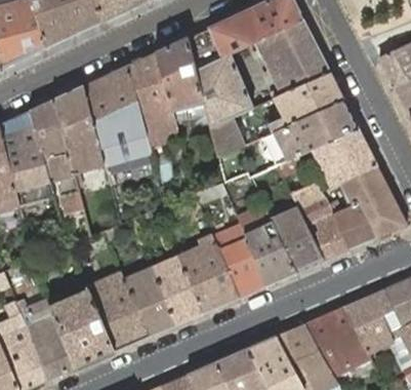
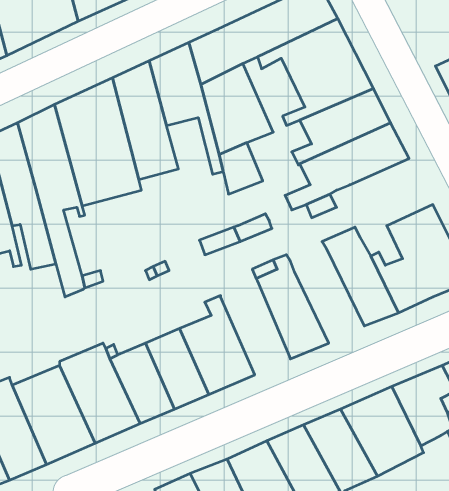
building: [313,128,377,186] -> none
building: [273,209,324,272] -> none
building: [212,224,266,297] -> none

